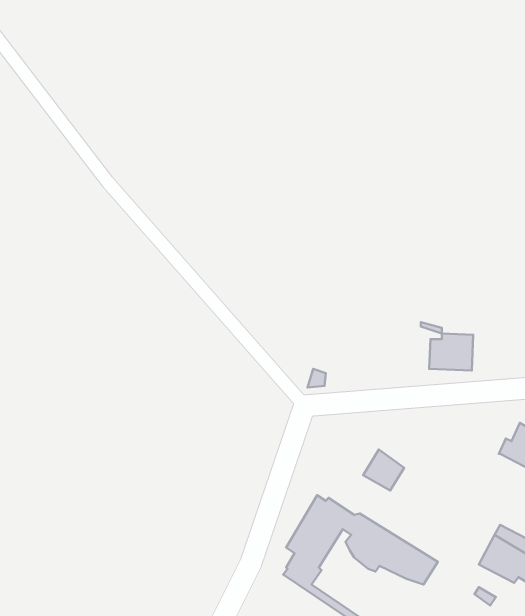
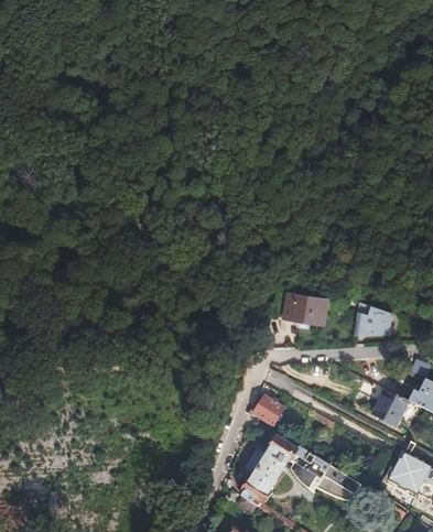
building: none -> [282,292,329,325]
building: none -> [372,388,410,424]
building: [363,450,404,491] -> [253,393,285,425]

